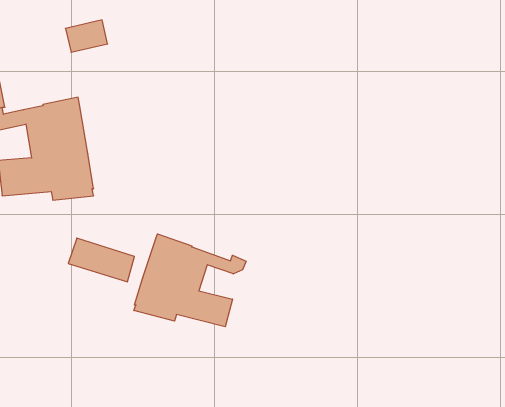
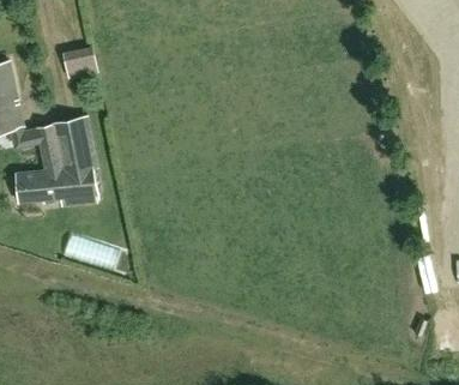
building: [134,234,246,327] -> none

